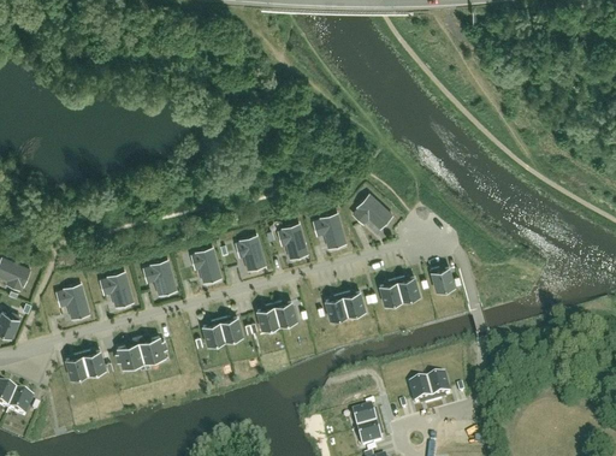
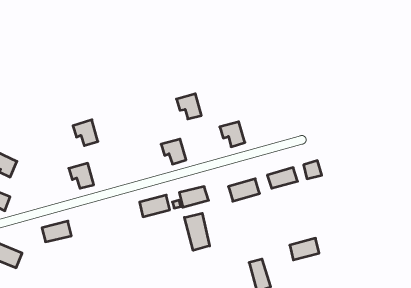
building: [351,196,392,231] -> none
building: [273,224,308,259] -> [176,94,201,119]
building: [188,249,223,284] -> none
building: [144,259,179,295] -> [73,120,98,146]
building: [55,284,90,319] -> none
building: [116,338,165,372] -> none
building: none -> [184,213,210,250]

